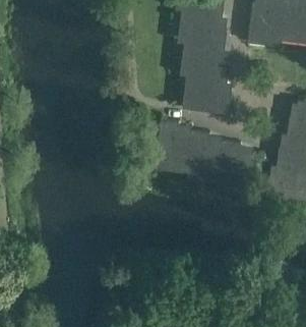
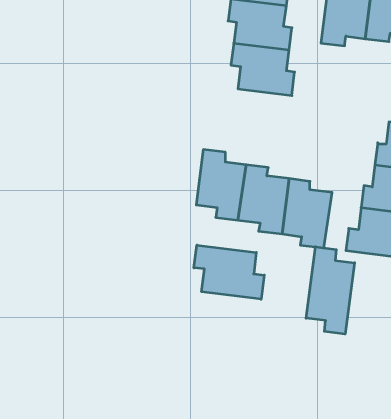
building: [184,75,231,113] -> none
building: none -> [194,245,264,299]
building: none -> [306,247,355,334]

